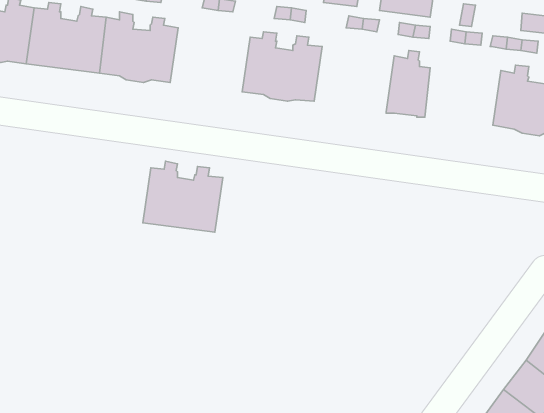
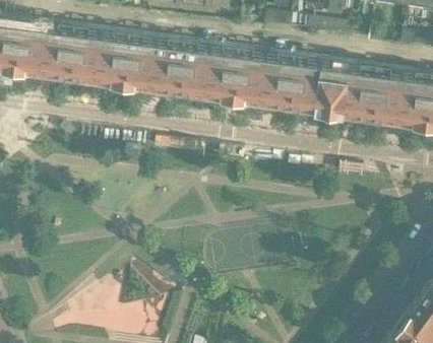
building: none -> [256,59,317,113]
building: none -> [341,70,398,123]
building: [143,161,223,232] -> [146,44,207,97]

